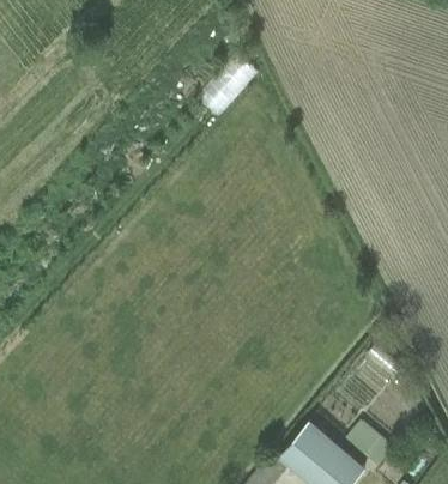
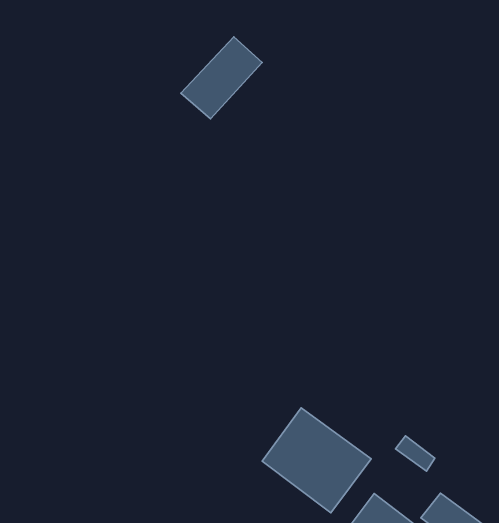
building: none -> [262,408,371,513]

